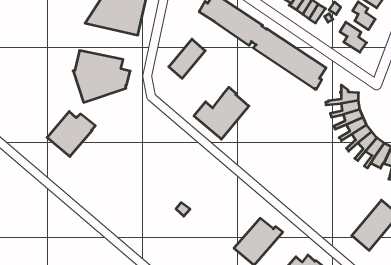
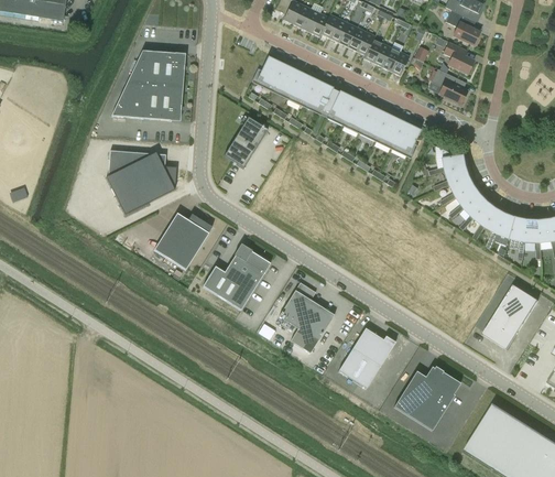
building: [194,87,249,139] -> [203,243,270,310]
building: [47,111,95,157] -> [154,213,213,269]
building: none -> [278,282,335,354]

